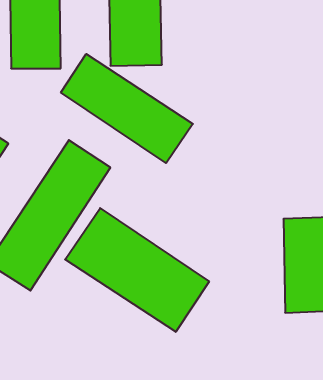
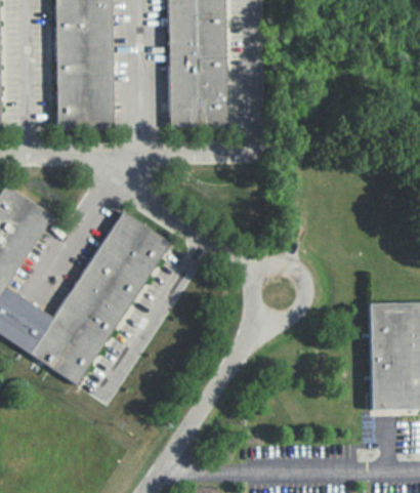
building: [61,54,193,163] -> none
building: [65,208,209,332] -> none

